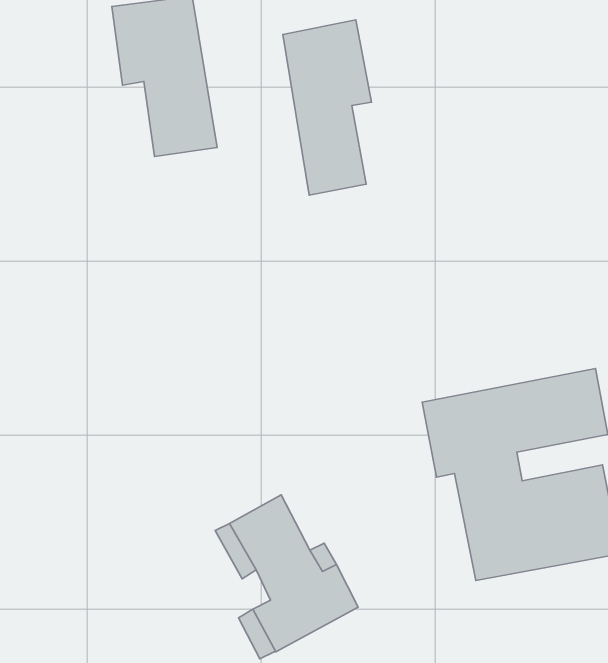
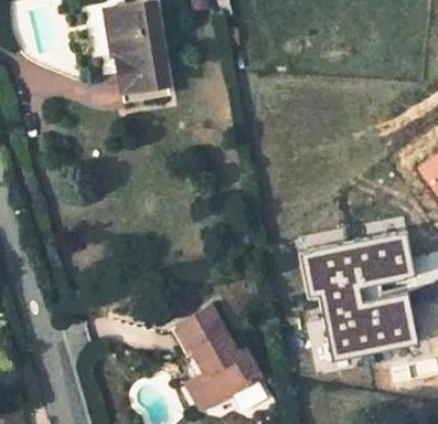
building: [283,20,371,195] -> none

